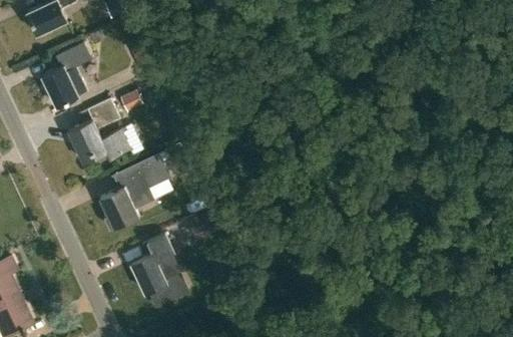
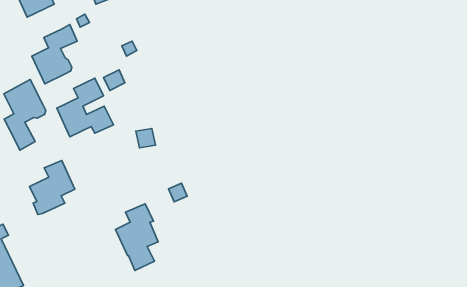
building: none -> [4,80,46,150]
building: [100,170,149,228] -> [29,161,75,214]

